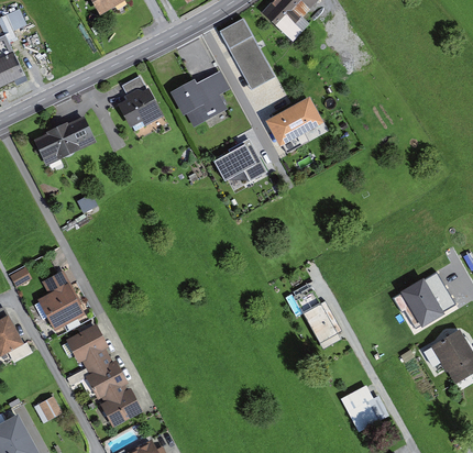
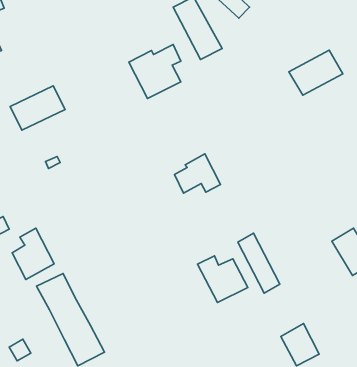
building: [117,75,160,129] -> none
building: [265,95,326,145] -> [289,50,343,95]
building: [215,136,266,180] -> [175,154,221,193]
building: none -> [197,256,248,303]

